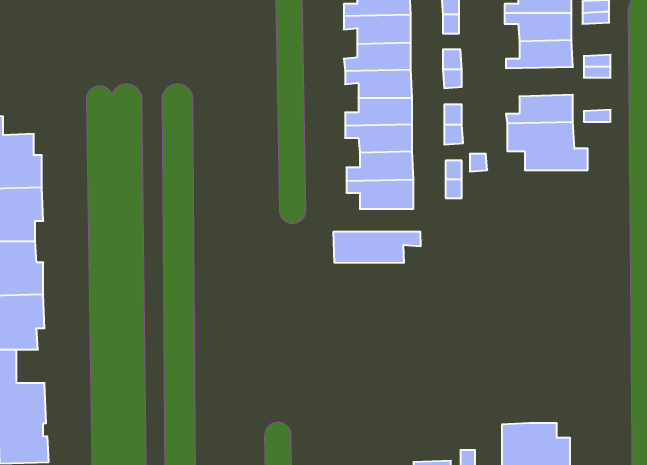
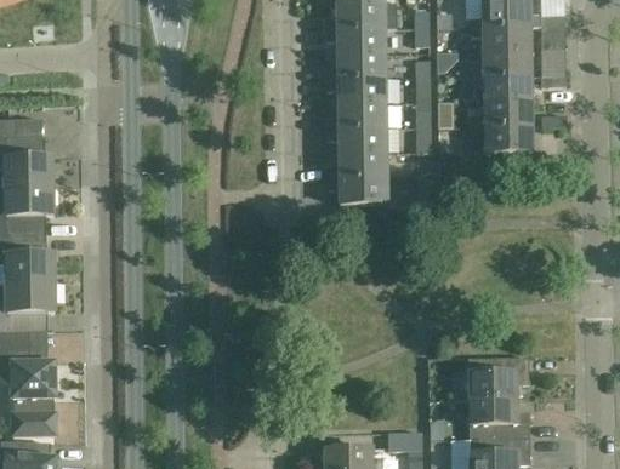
building: none -> [472,75,533,102]
building: [334,232,421,263] -> none
building: none -> [468,356,529,399]

